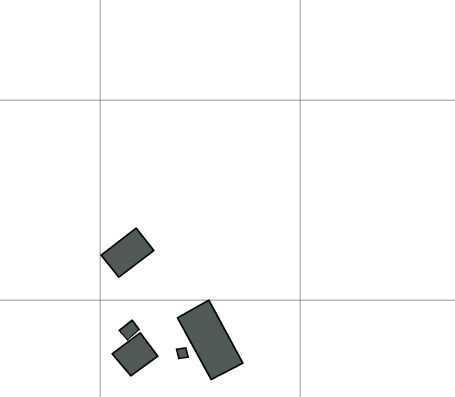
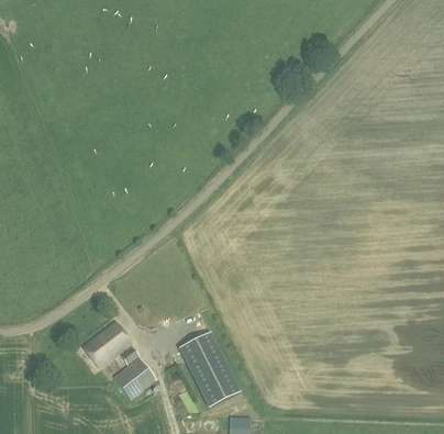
building: [101,228,154,277] -> [84,321,133,367]

